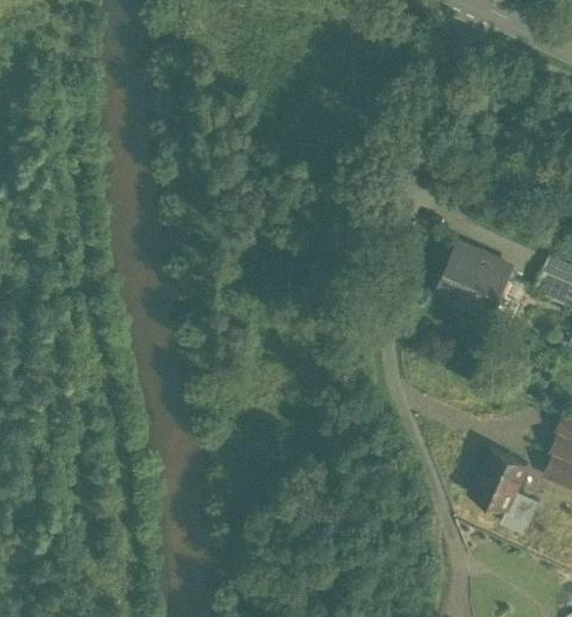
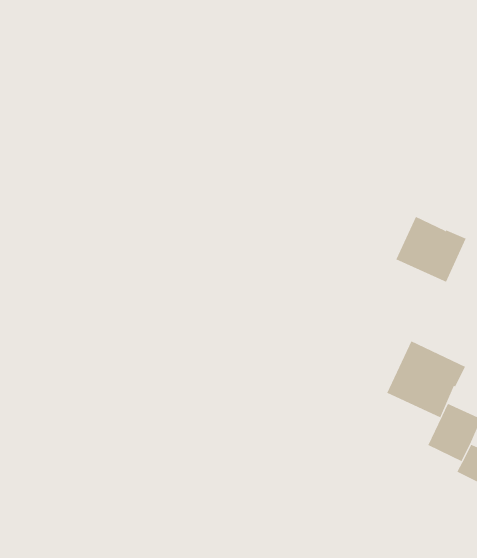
building: none -> [386,340,466,418]

